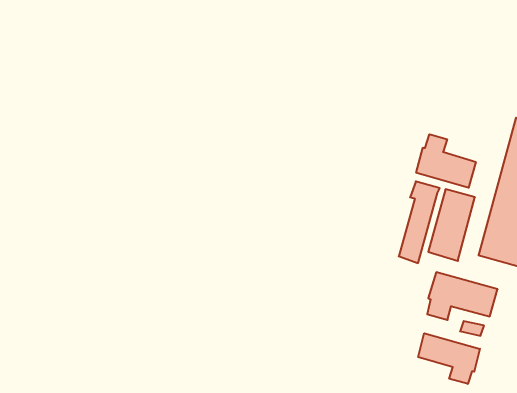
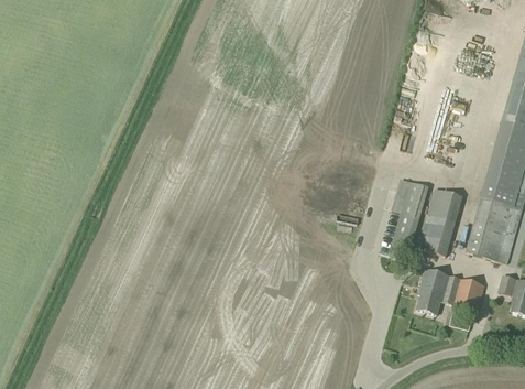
building: [416,134,476,188] -> none
building: [418,333,480,384] -> none

